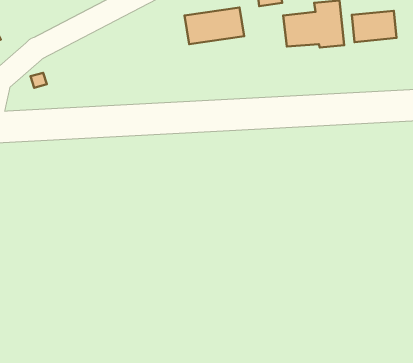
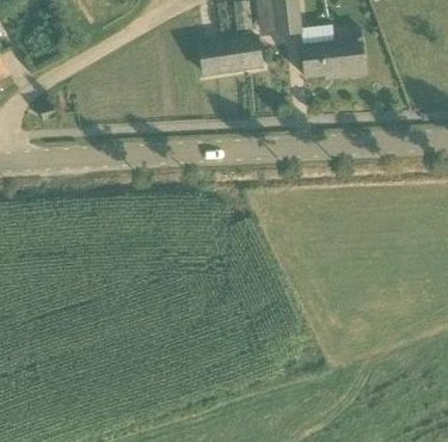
building: [352,11,396,42] -> none

